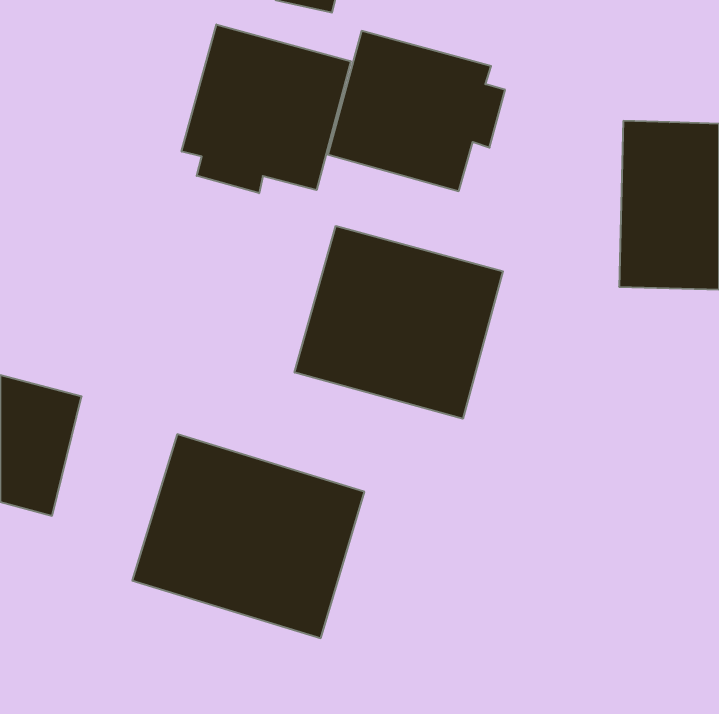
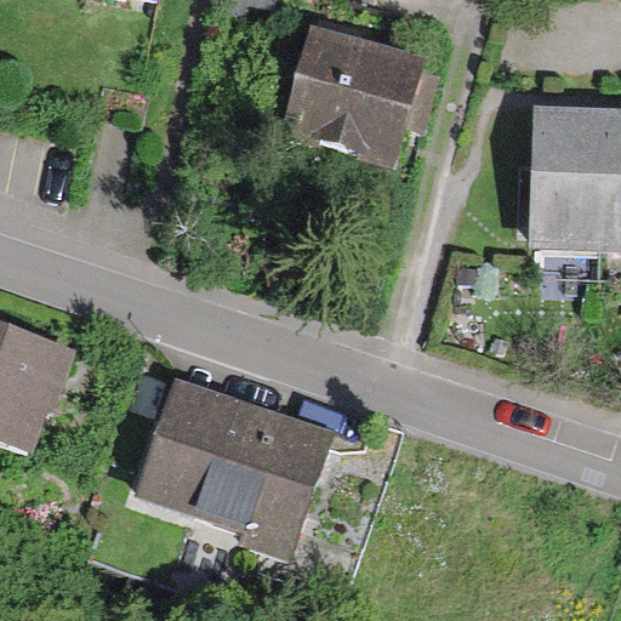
building: [182,24,351,193] -> none
building: [295,226,503,419] -> none

